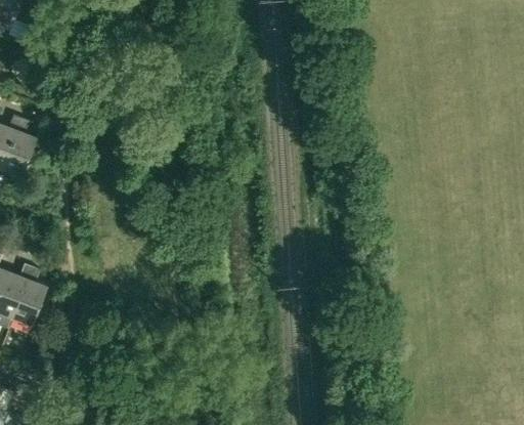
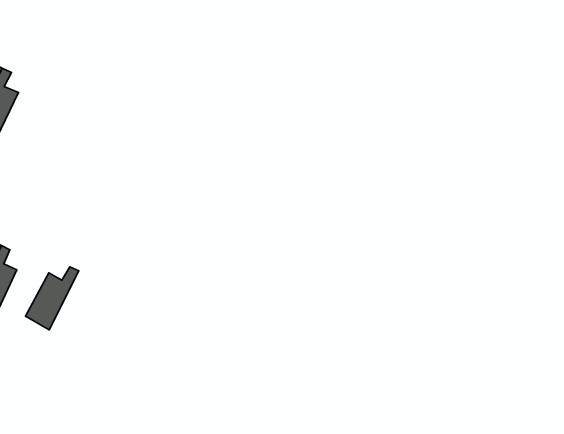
building: none -> [25,267,79,330]

